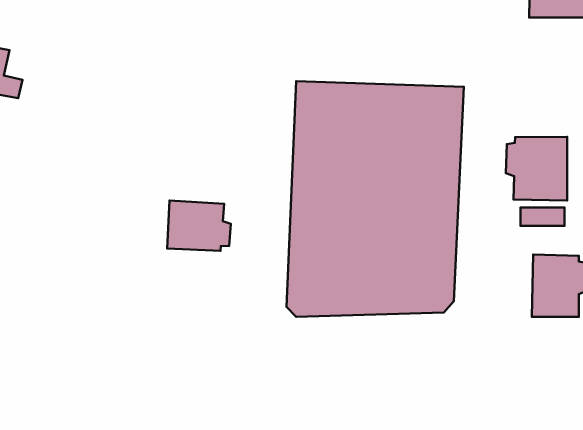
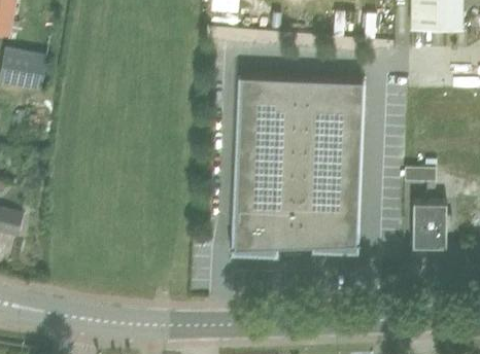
building: [506,137,567,201] -> none
building: [167,201,231,251] -> none

